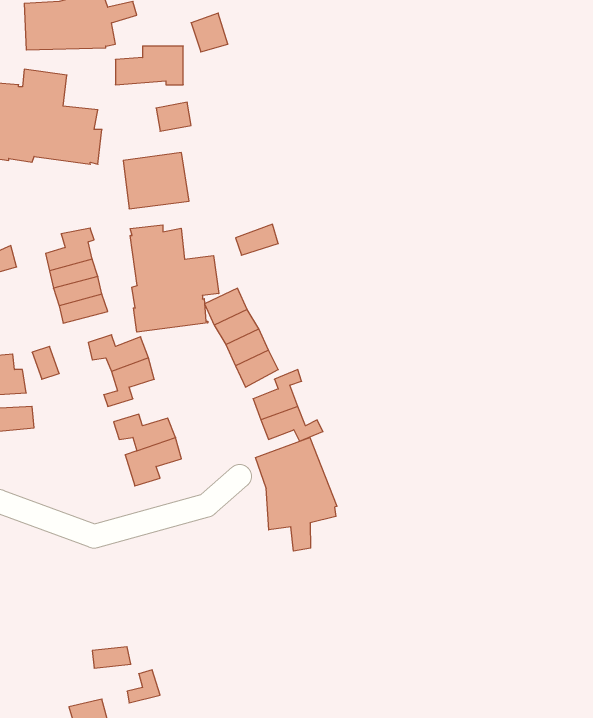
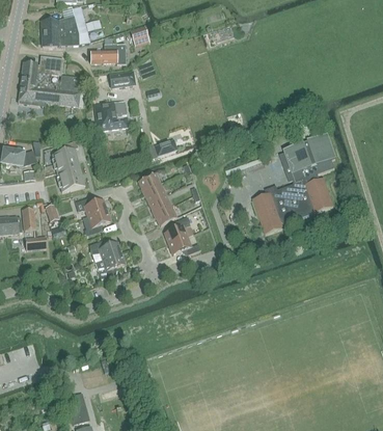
building: none -> [252,135,335,234]
building: [130,225,219,332] -> none
building: [256,438,337,551] -> none

